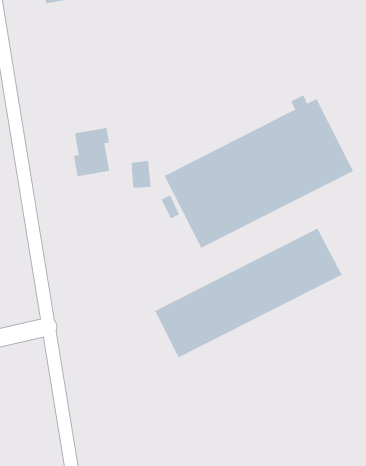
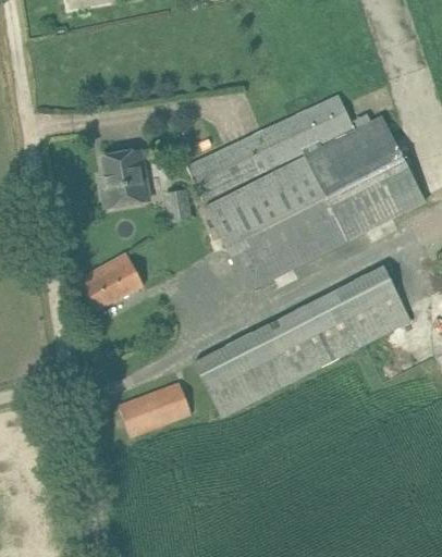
building: none -> [187,92,354,198]
building: none -> [74,253,145,312]
building: none -> [119,382,192,436]

